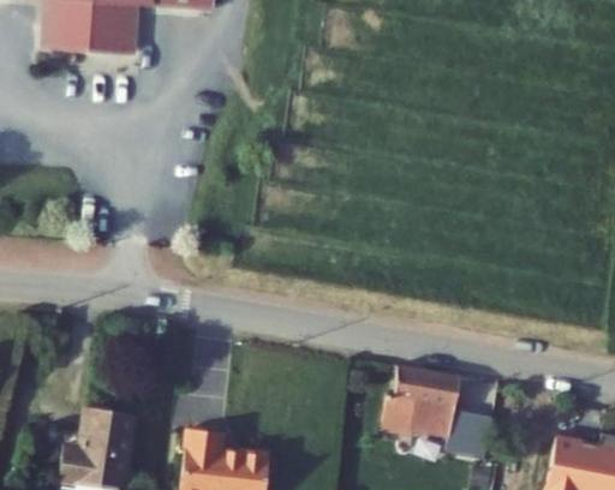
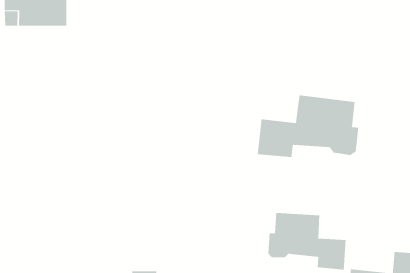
building: none -> [257,95,359,158]

